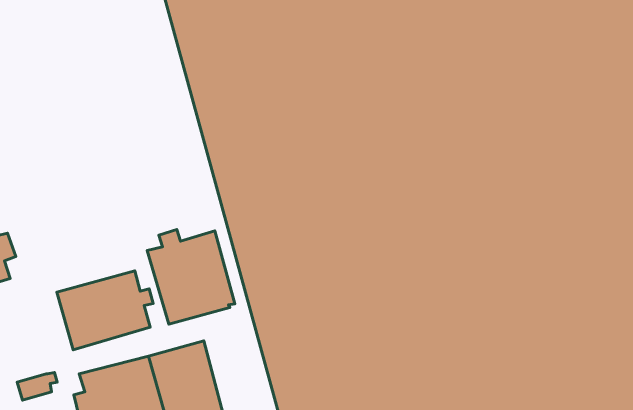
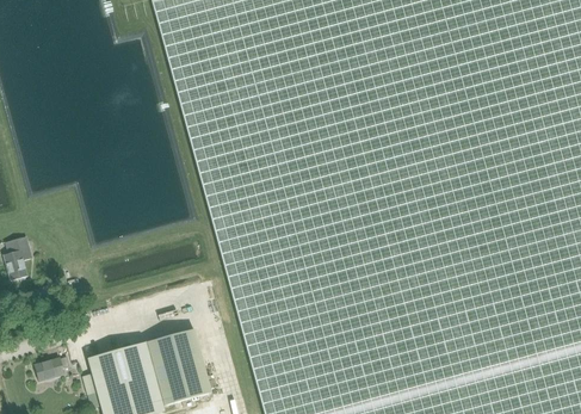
building: [147,229,235,324] -> none
building: [57,271,153,350] -> none

